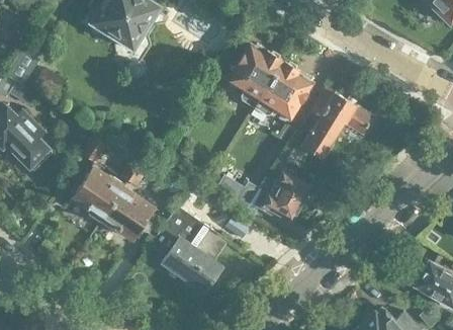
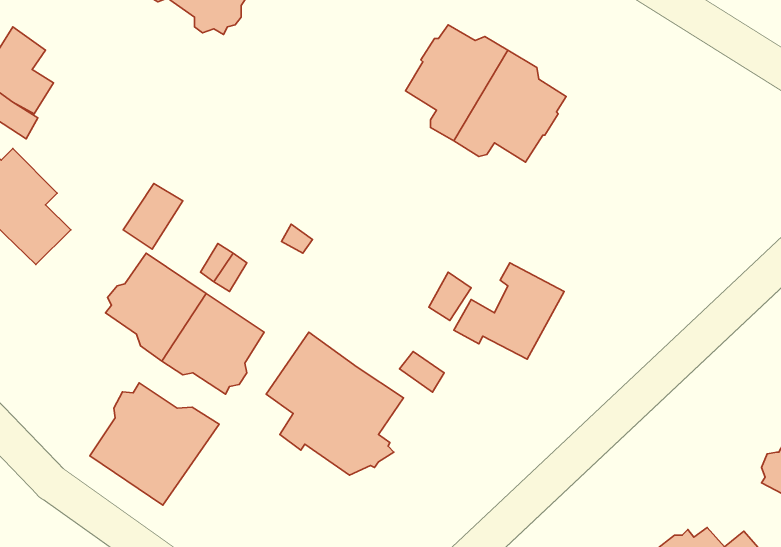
building: [300,88,371,157] -> none
building: none -> [90,383,219,505]

